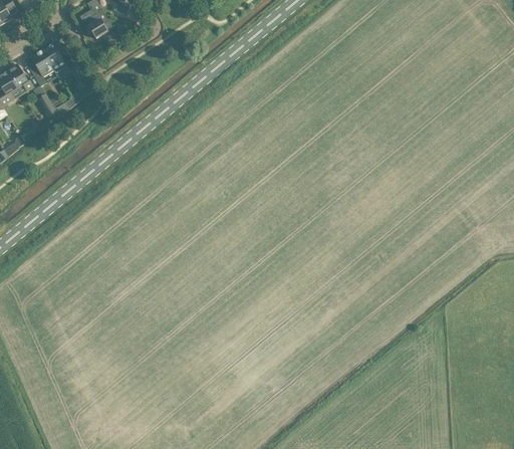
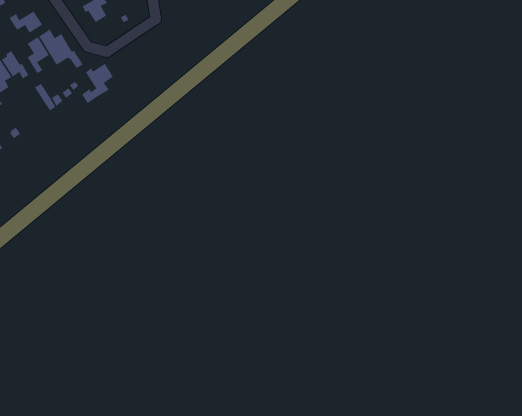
building: none -> [9,10,43,34]
building: none -> [81,63,114,104]

